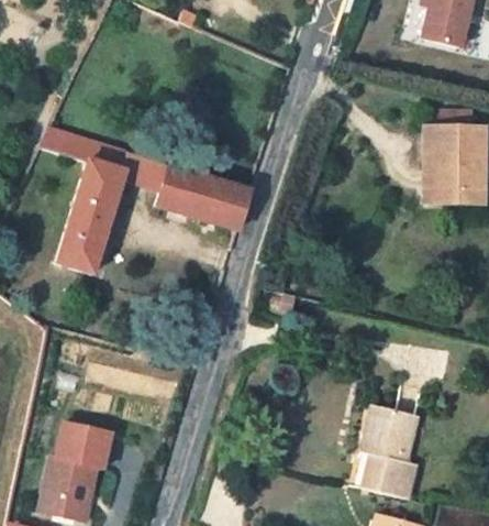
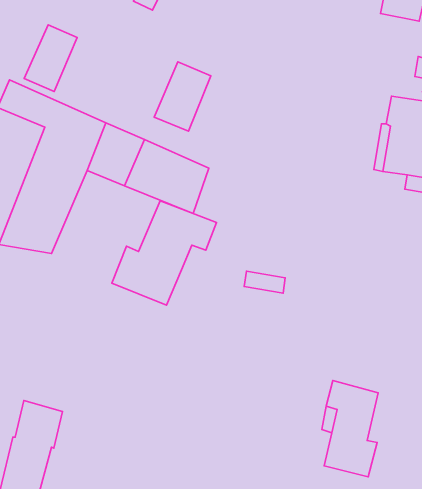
building: none -> [24,25,77,91]
building: none -> [154,62,211,131]
building: none -> [112,201,217,305]

